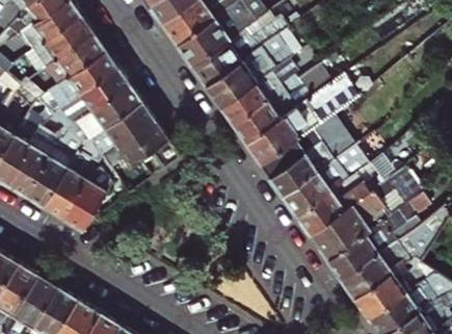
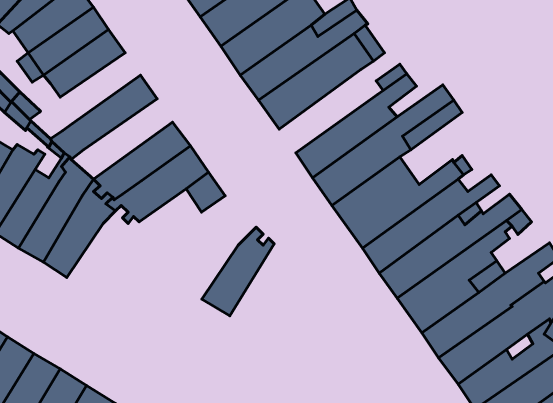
building: [46,50,116,108] -> none
building: [220,62,294,125] -> none
building: [64,84,140,145] -> none
building: [61,164,115,231] -> [202,227,274,316]

